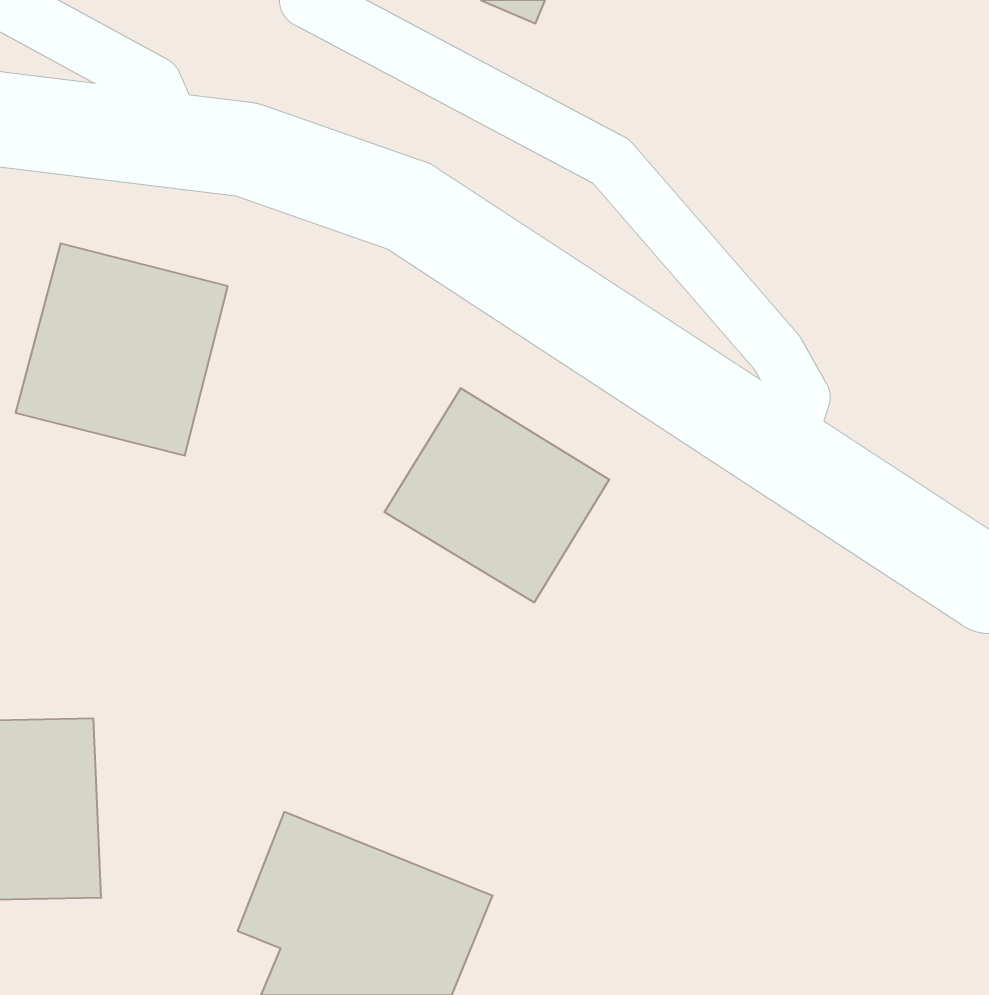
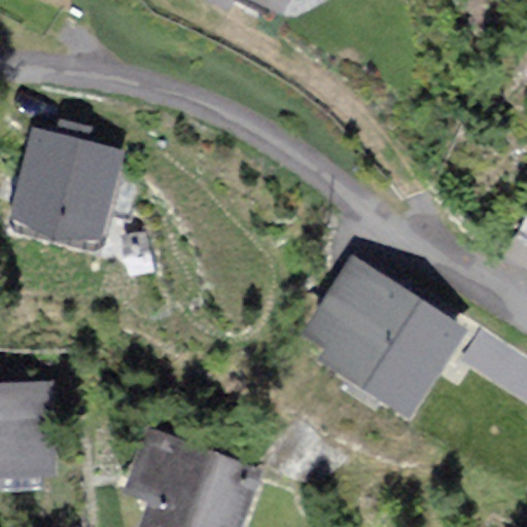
building: [384,388,609,603] -> none
building: none -> [301,258,466,412]

